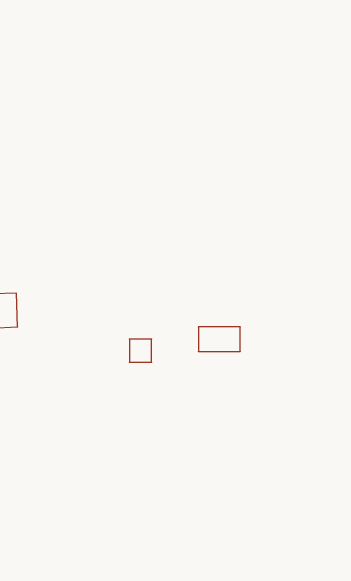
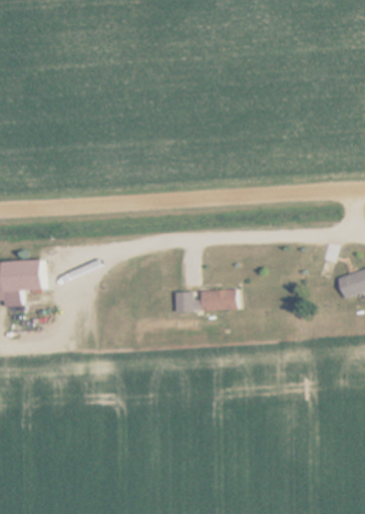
building: [129,339,152,362] -> [173,292,193,312]

